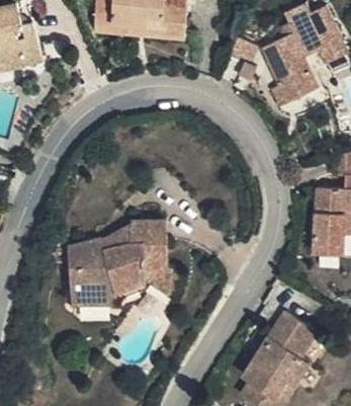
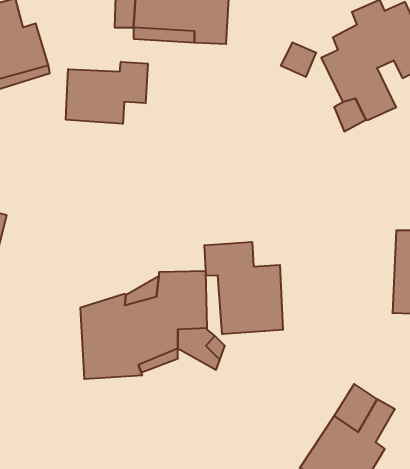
building: none -> [66,62,148,124]
building: none -> [205,242,283,334]

